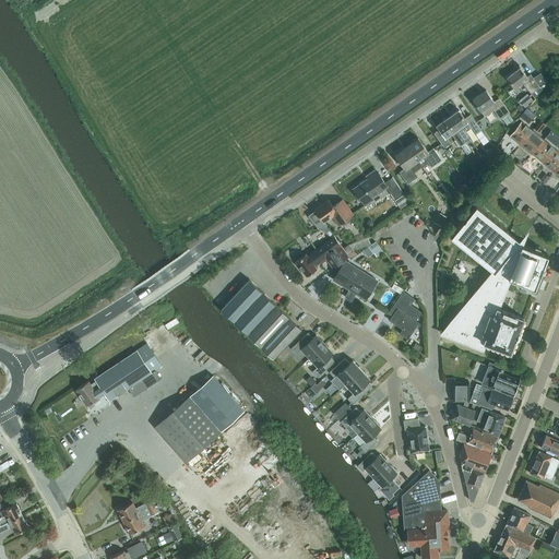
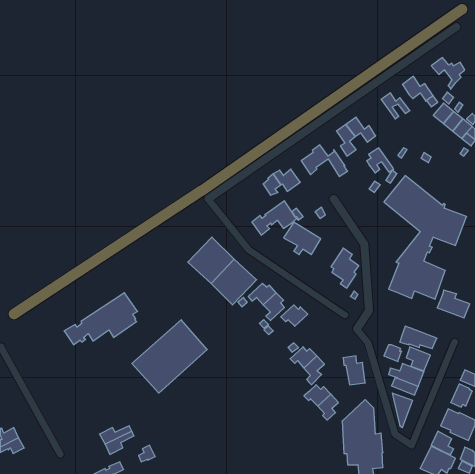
building: [433,118,465,147] -> [367,148,394,173]
building: [481,364,520,396] -> [437,290,470,318]
building: [346,370,371,405] -> none

